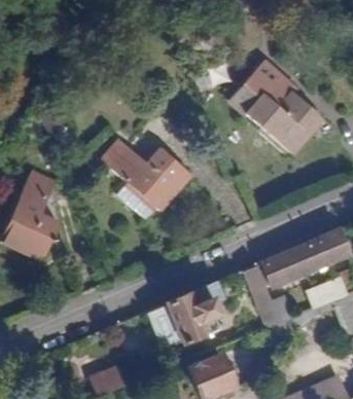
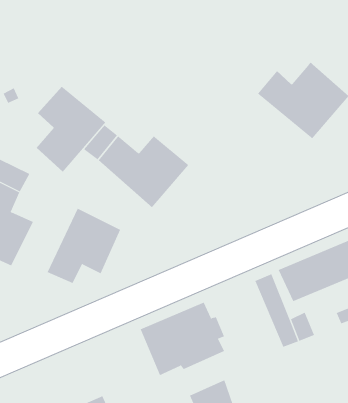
building: [227,58,289,114] -> none
building: none -> [36,86,106,172]
building: none -> [47,208,121,284]

